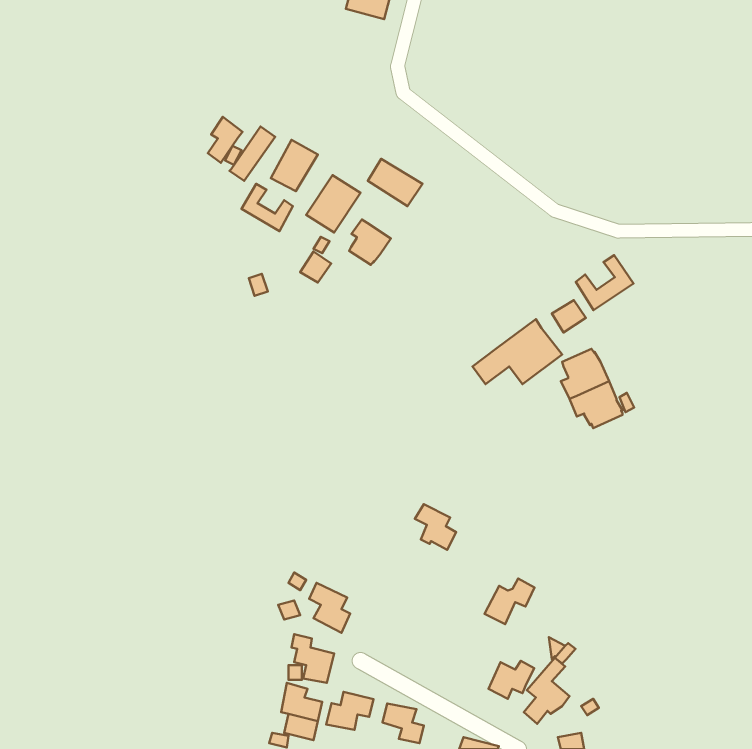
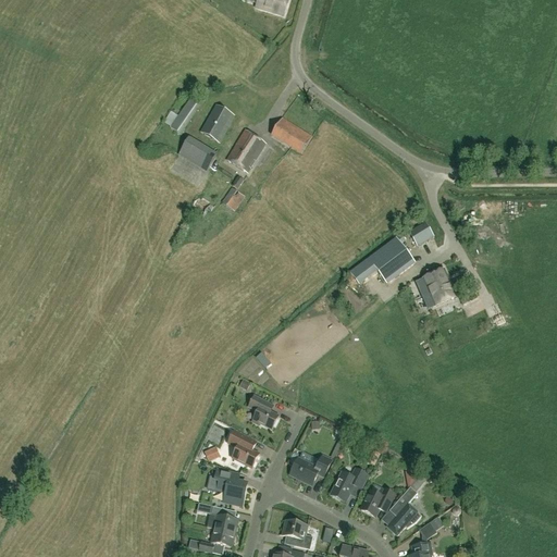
building: [208,117,242,163] -> none
building: [349,220,391,265] -> none
building: [576,255,634,310] -> none
building: [415,504,456,550] -> [248,395,278,429]
building: [484,579,534,624] -> [331,468,368,502]
building: none -> [290,456,332,484]
building: [326,692,374,730] -> none

